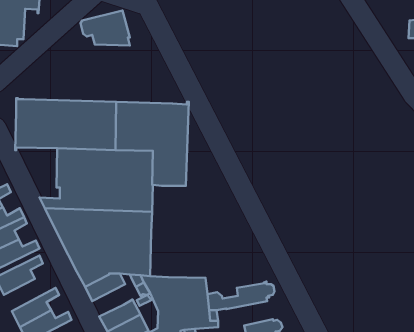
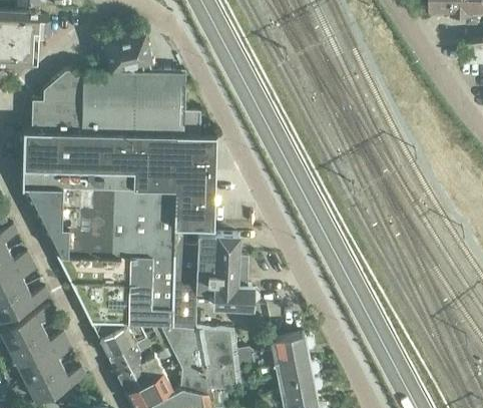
building: none -> [31,71,199,136]
building: none -> [23,185,72,243]
building: none -> [173,228,259,331]
building: none -> [9,333,67,369]
building: none -> [108,339,150,375]
building: none -> [259,358,318,385]

